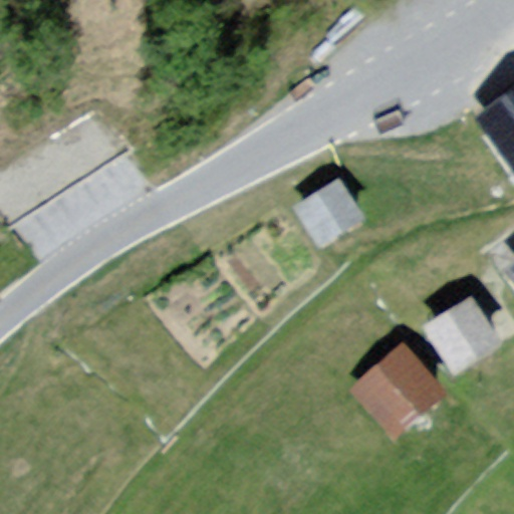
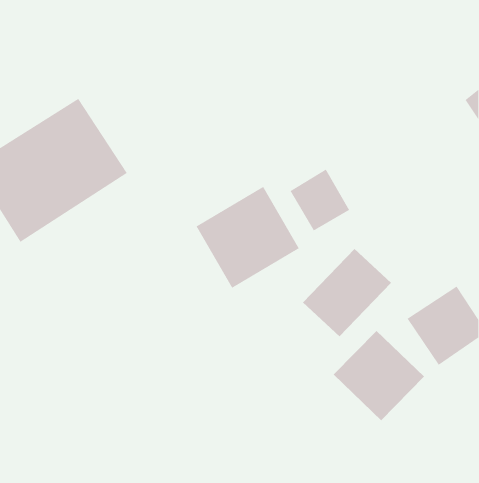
building: none -> [195,186,300,289]
building: none -> [302,248,392,337]

